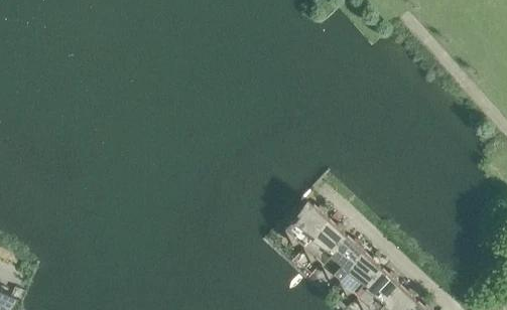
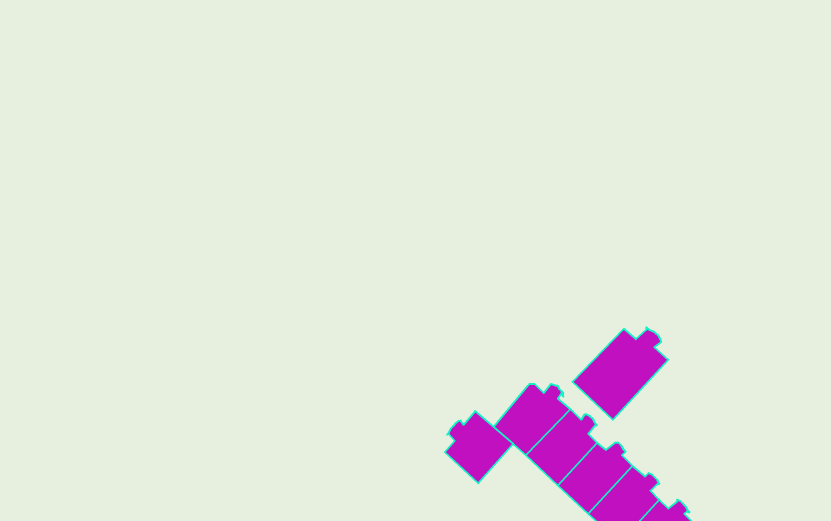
building: none -> [572,327,668,420]
building: none -> [445,411,513,483]

